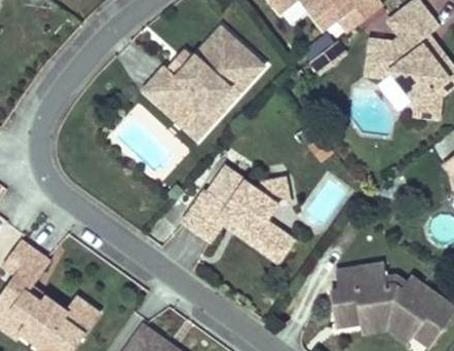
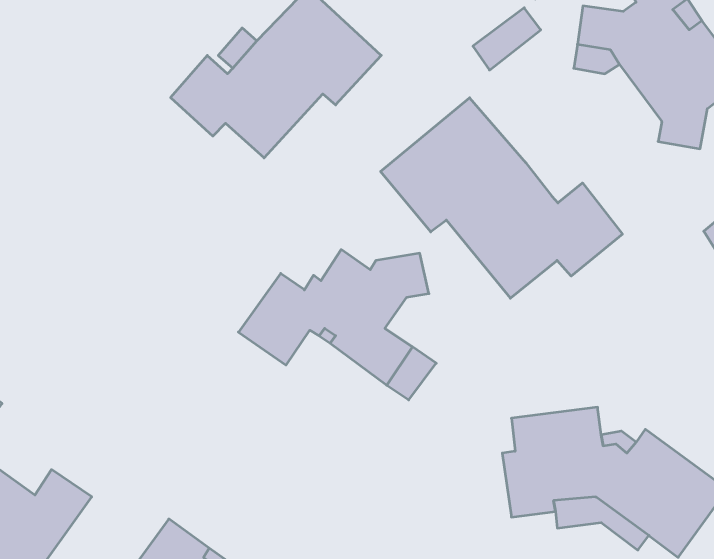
building: [166,87,235,138] -> none
building: none -> [381,98,622,298]

